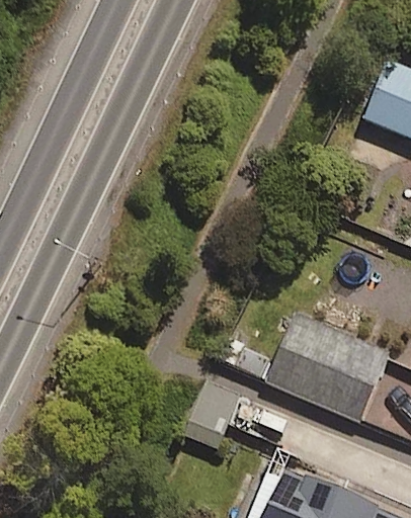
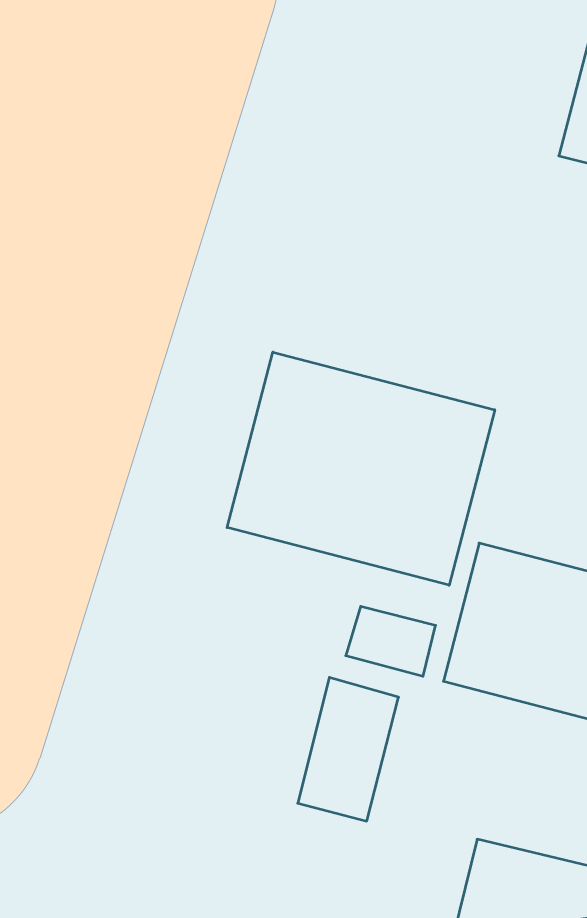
building: none -> [227,352,495,585]

